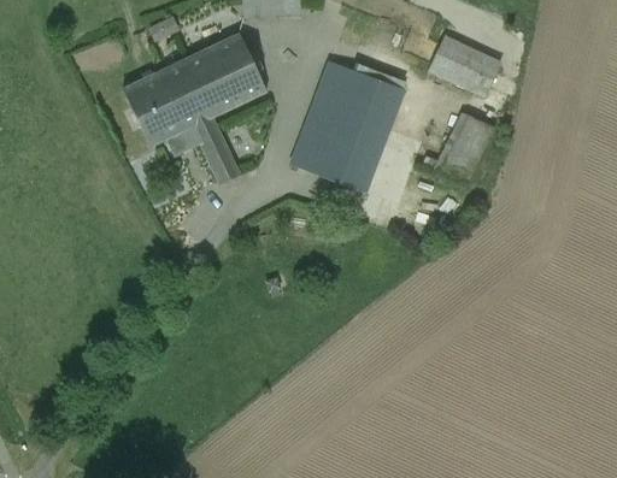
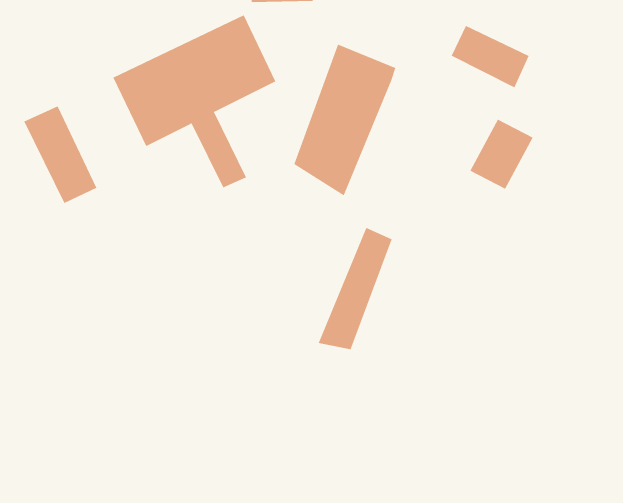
building: [333,87,400,197] -> [318,227,393,350]
building: none -> [24,106,97,204]

